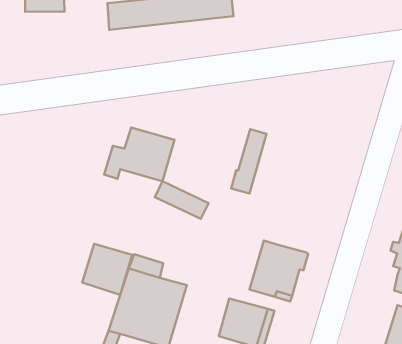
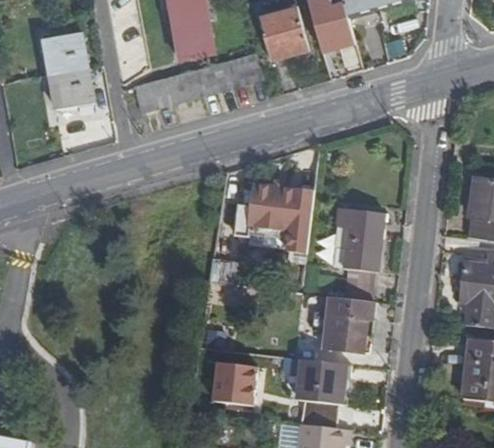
building: [104,127,175,181] -> [232,183,296,236]
building: none -> [343,216,385,301]
building: [82,244,132,295] -> none

